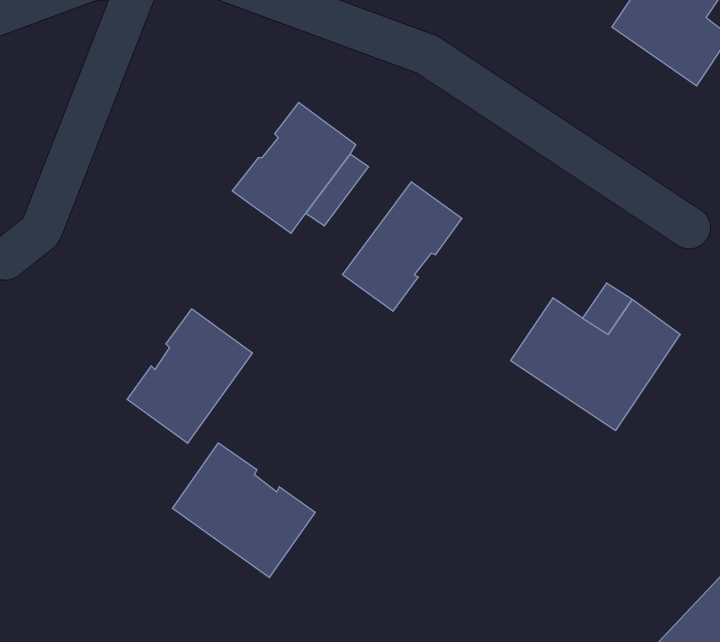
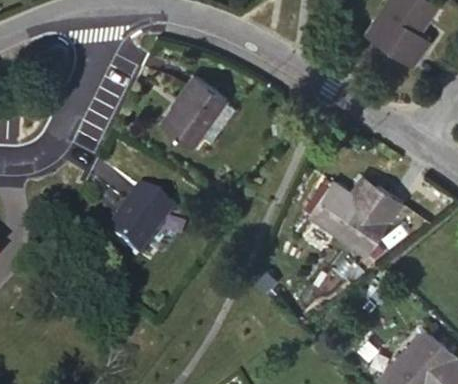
building: [343,182,462,311] -> none
building: [172,443,315,578] -> none

